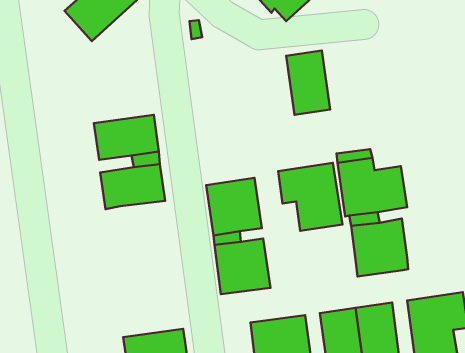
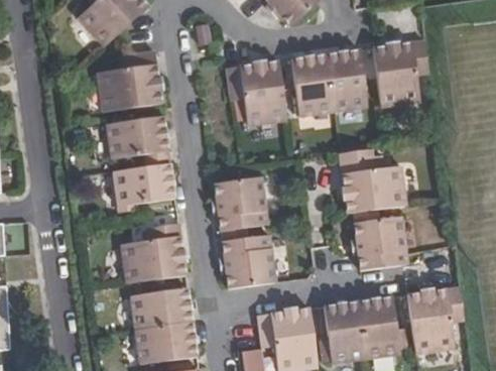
building: none -> [371,39,429,106]
building: none -> [325,49,367,111]
building: none -> [97,51,162,112]
building: [278,163,342,231] -> [226,60,287,126]
building: none -> [121,223,185,283]
building: none -> [129,287,192,330]

